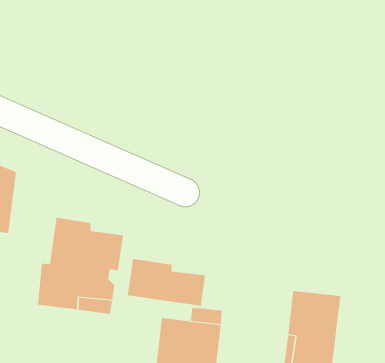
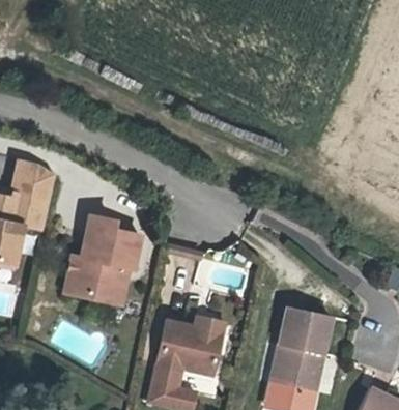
building: [127,258,205,307] -> none

